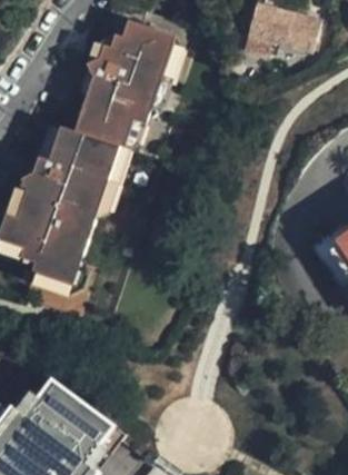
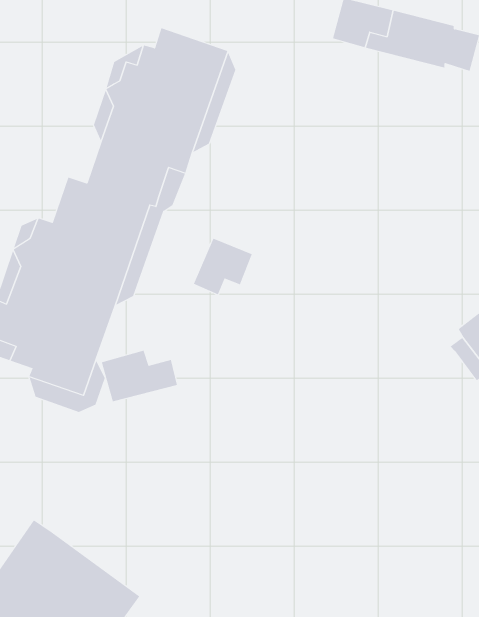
building: none -> [193,238,252,295]
building: none -> [101,350,178,402]

